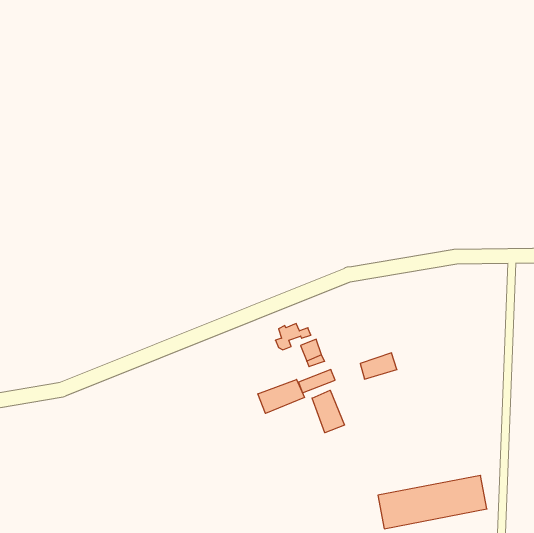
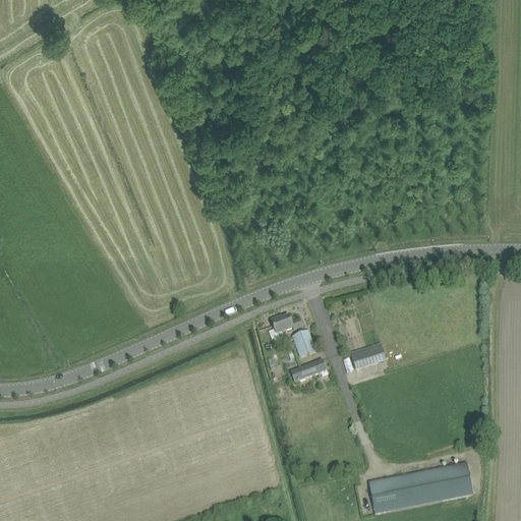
building: [258,379,305,413] -> none
building: [312,390,345,433] -> none

